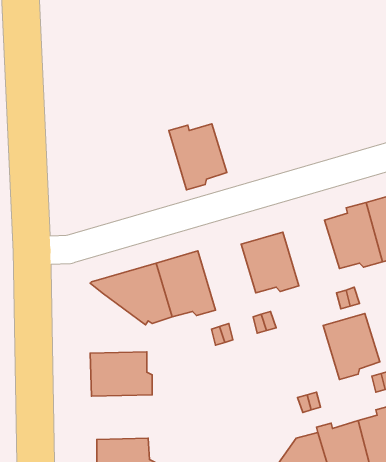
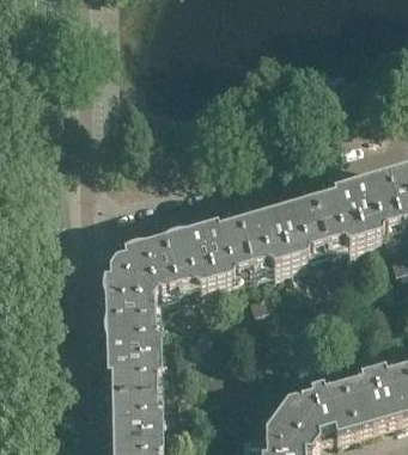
building: [169,124,227,190] -> [200,226,251,284]
building: none -> [103,260,154,322]
building: [323,314,380,379] -> [275,204,325,263]
building: none -> [105,359,160,399]

